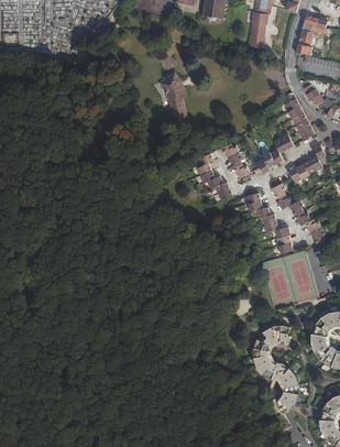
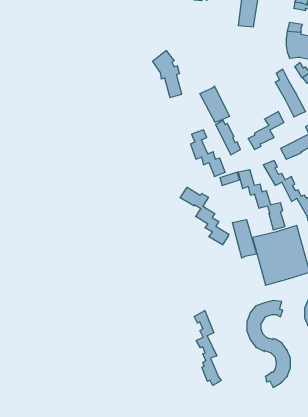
building: none -> [200,86,229,122]
building: none -> [180,187,229,245]
building: none -> [232,220,257,258]
building: none -> [194,310,221,385]

